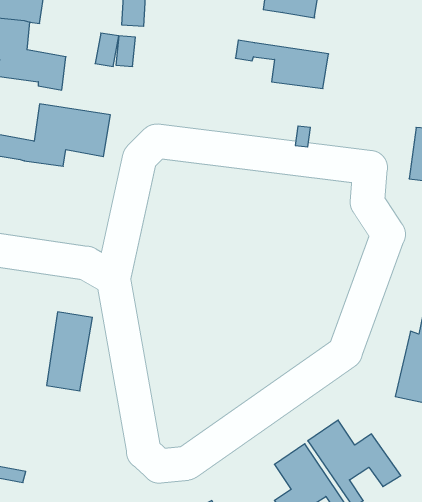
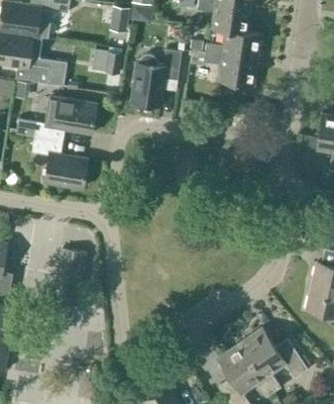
building: none -> [204,30,261,61]
building: none -> [130,49,181,106]
building: none -> [33,138,90,190]

